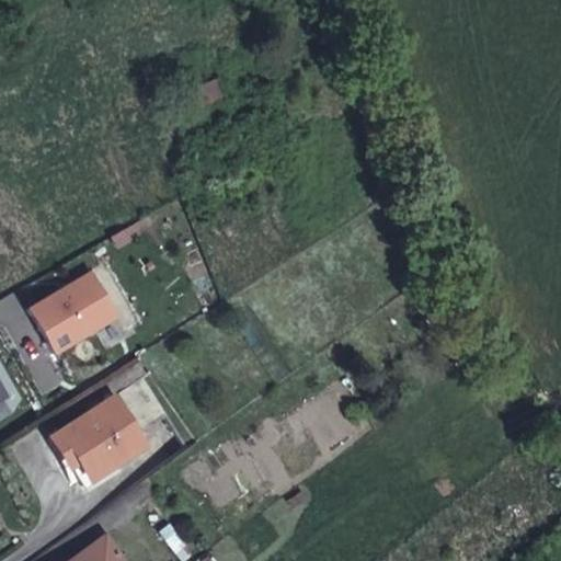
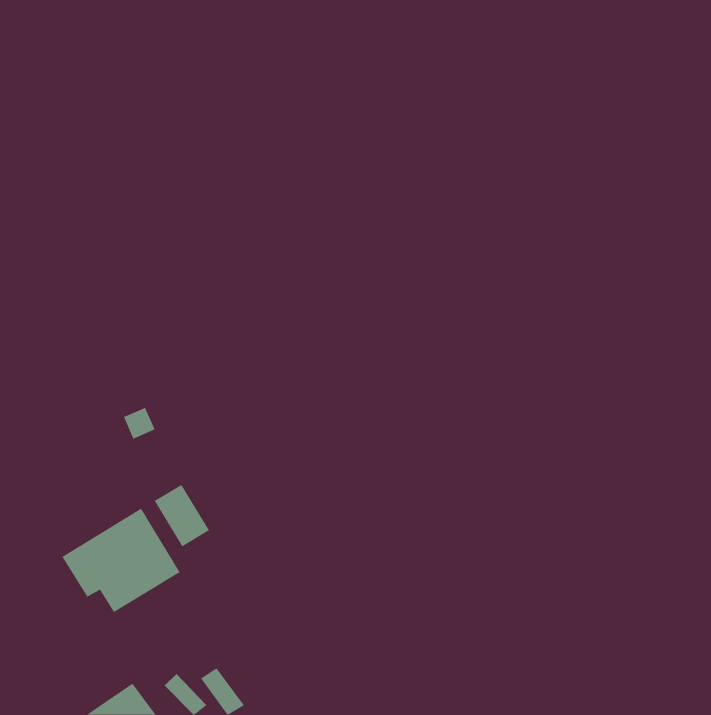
building: [28,272,116,351] -> none

